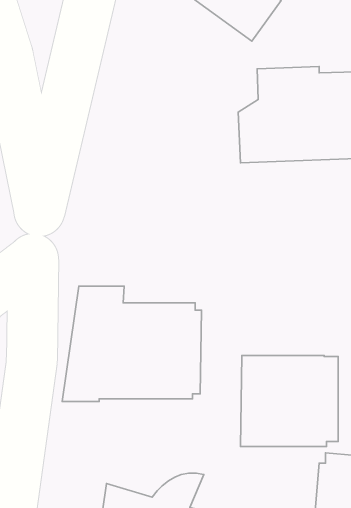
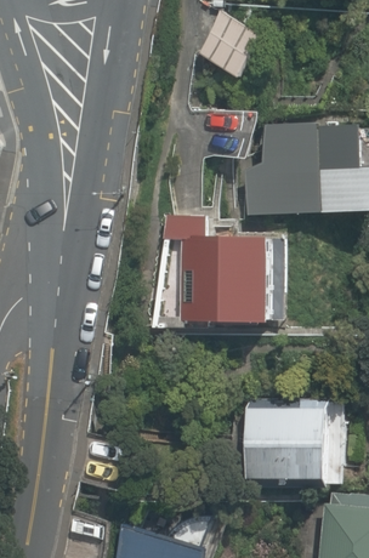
building: [62,286,202,402] -> [149,215,283,325]

